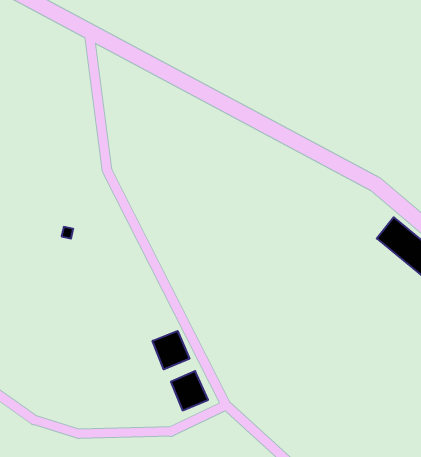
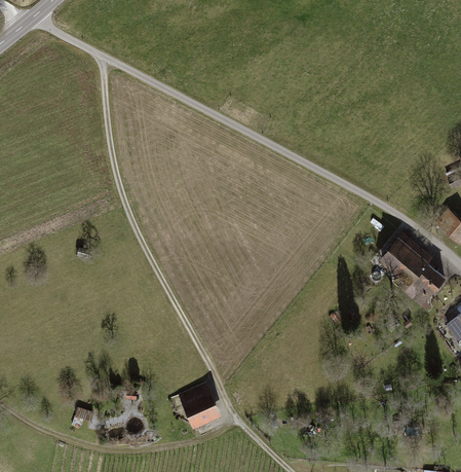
building: [153,331,189,369] -> none

